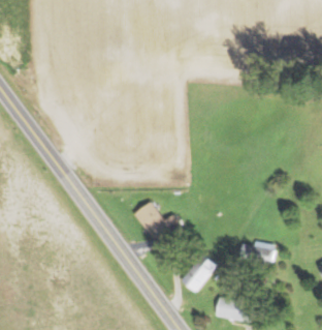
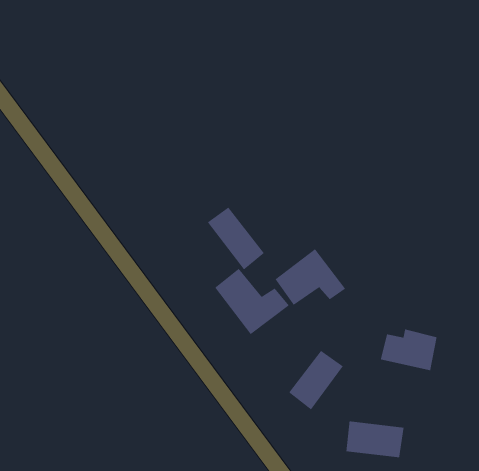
building: none -> [207,206,265,270]
building: none -> [274,248,346,306]

